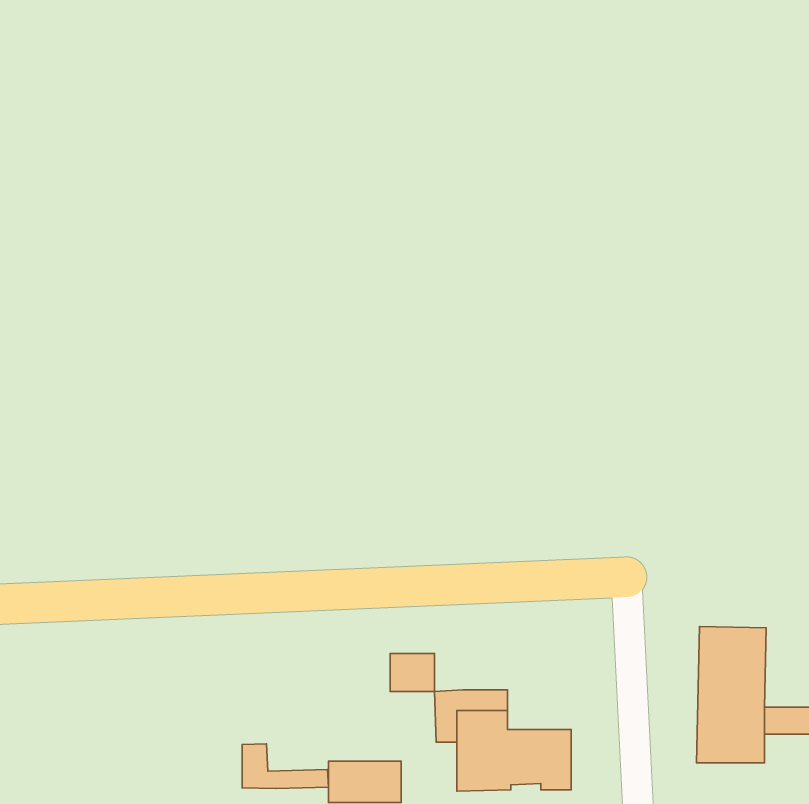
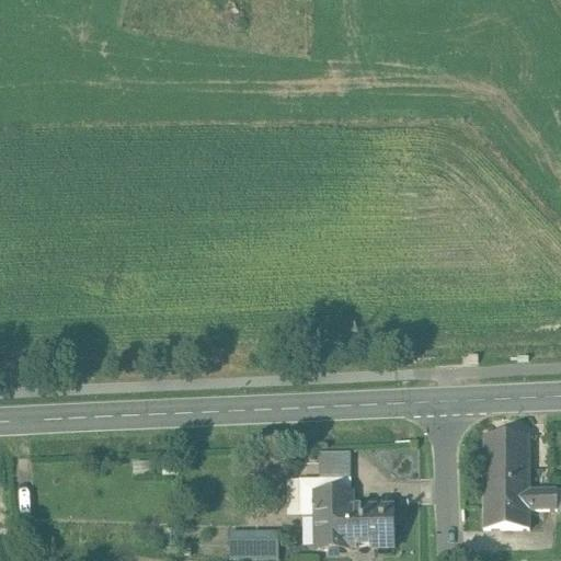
building: [390,653,435,691] -> [321,450,352,477]
building: [242,744,328,789] -> none

